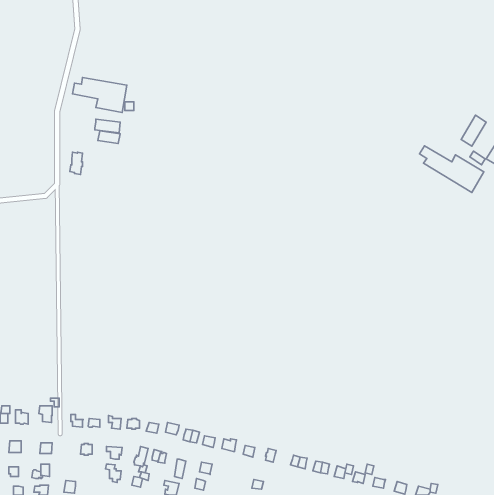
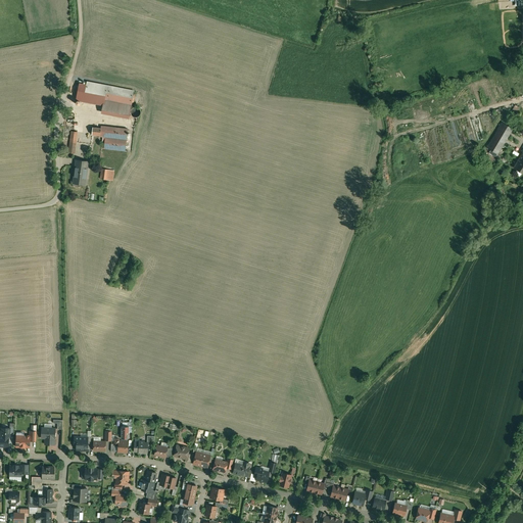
building: [420,146,484,192] -> none

